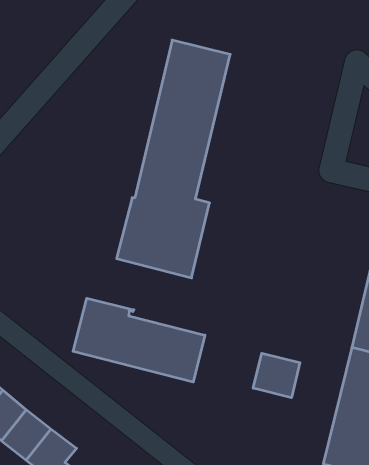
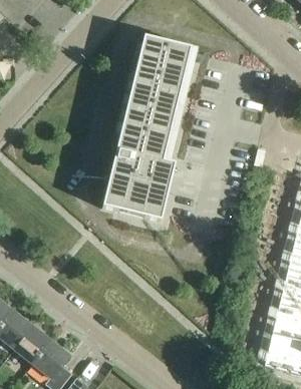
building: [73,298,205,382] -> none
building: [253,353,300,398] -> none

